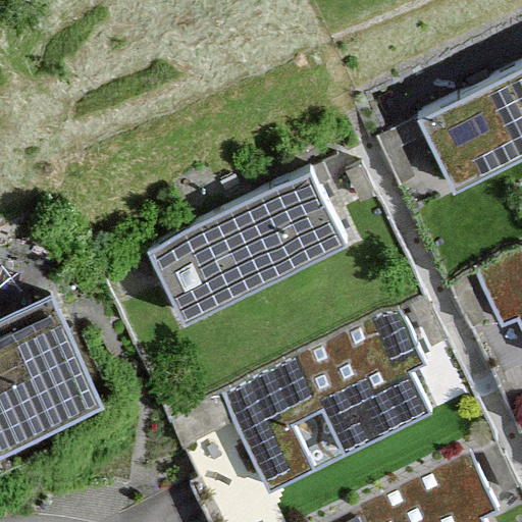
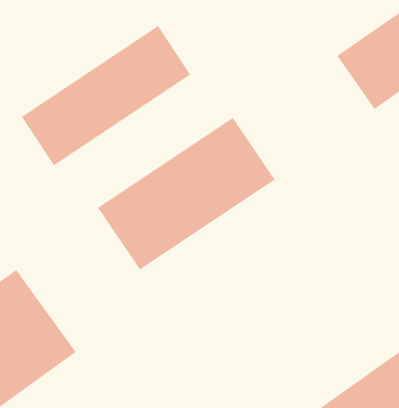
building: none -> [21,25,191,166]
building: [242,310,439,483] -> none

